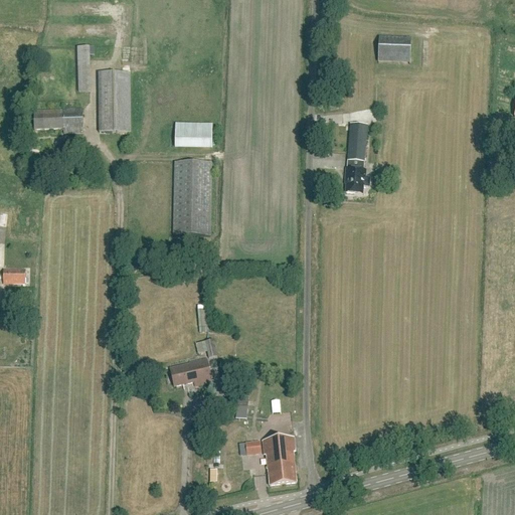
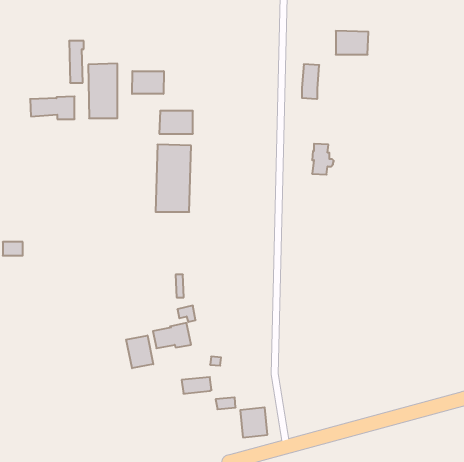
building: none -> [132,71,164,94]
building: [347,122,366,160] -> [302,64,319,99]
building: none -> [126,335,153,368]
building: [262,436,295,454] -> [182,377,212,394]

